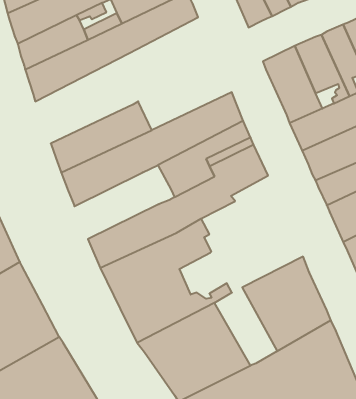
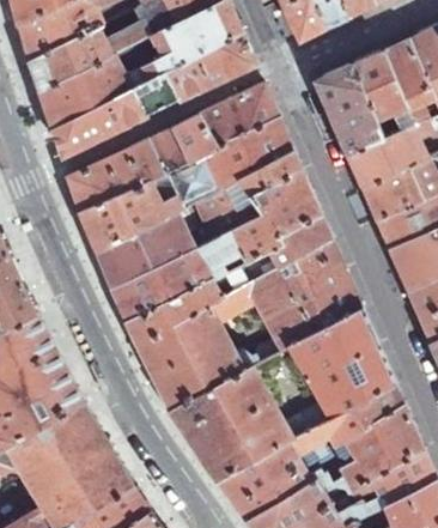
building: none -> [50,30,254,154]
building: none -> [170,85,279,162]
building: none -> [96,211,194,289]
building: none -> [243,214,361,351]

